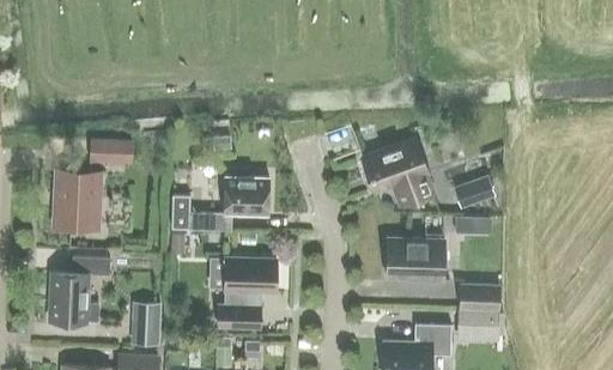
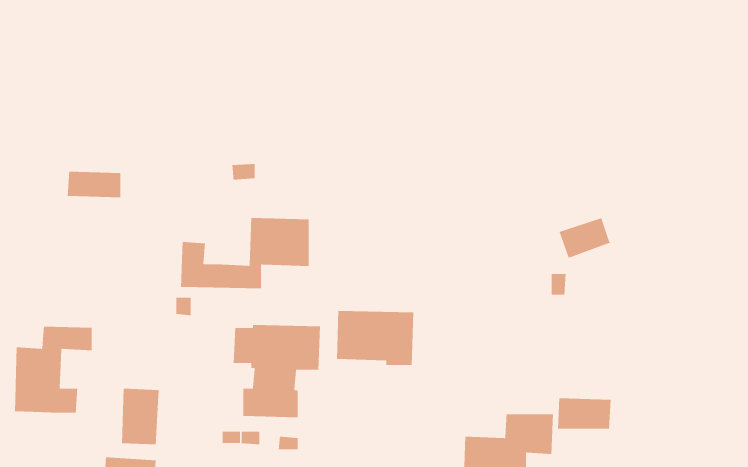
building: [364,138,435,204] -> none
building: [53,174,97,228] -> none
building: [388,238,447,280] -> [336,310,414,366]
building: [460,285,500,311] -> none

